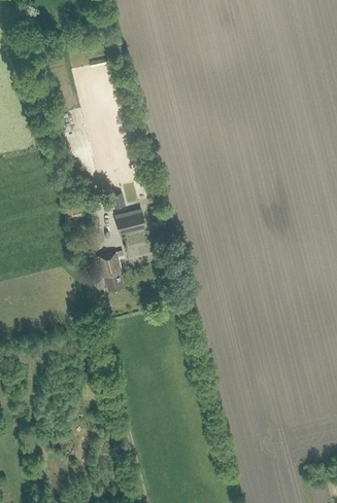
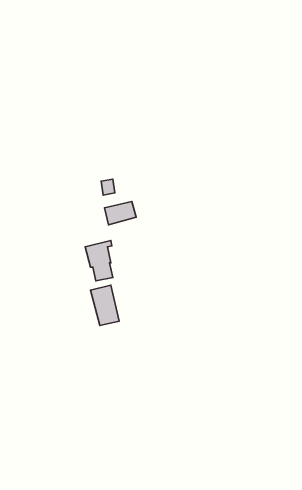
building: none -> [90,285,119,326]

